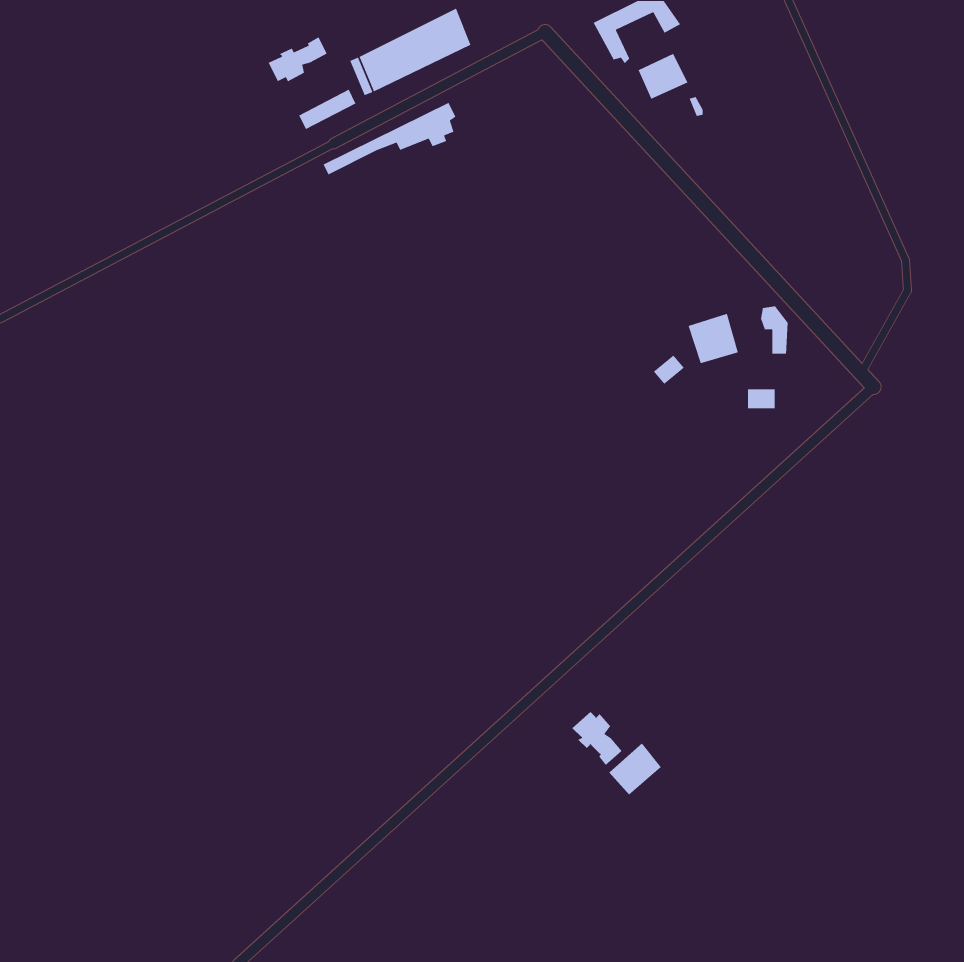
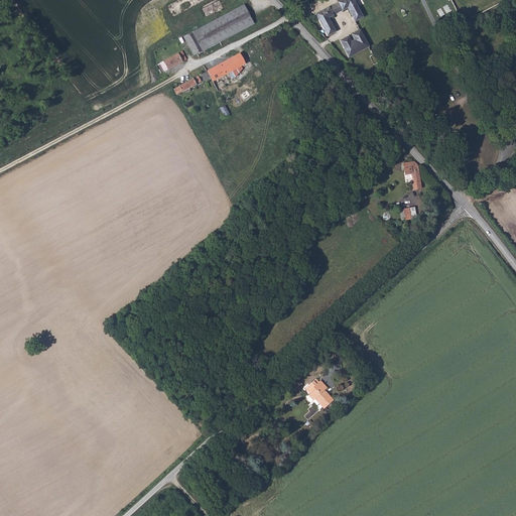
building: [267,36,328,83] -> none
building: [688,313,739,364] -> none
building: [608,743,662,795] -> none

